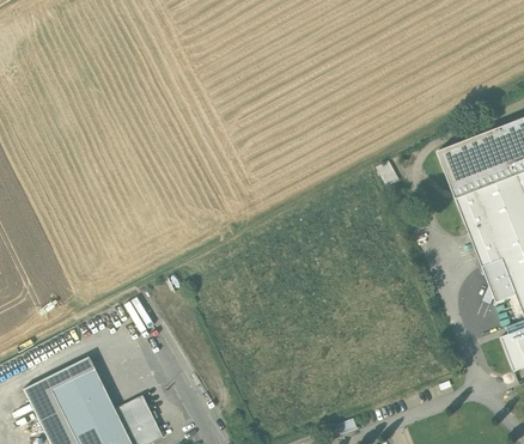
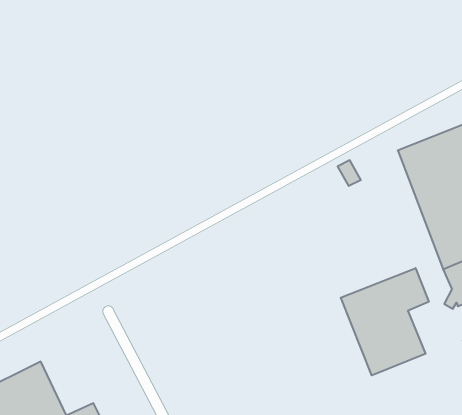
building: none -> [341,268,429,375]

